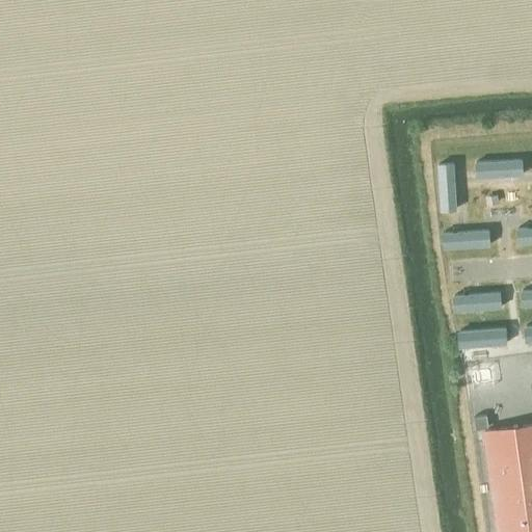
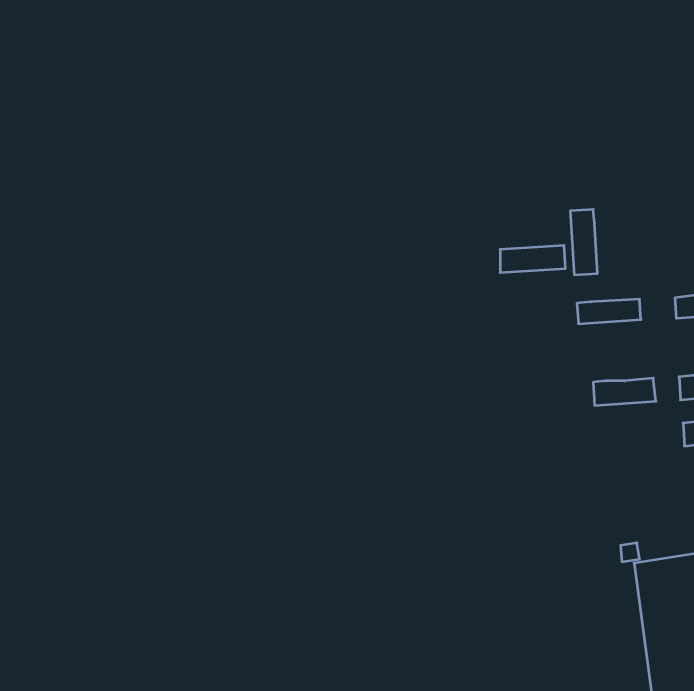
building: [474,159,524,180] -> [500,245,565,273]
building: [460,327,508,348] -> none

